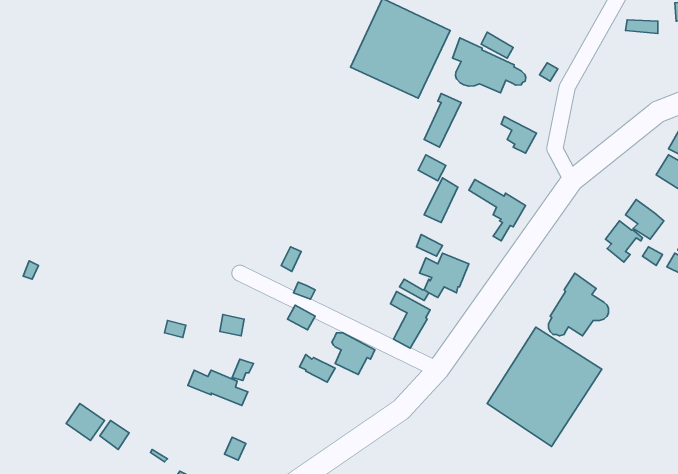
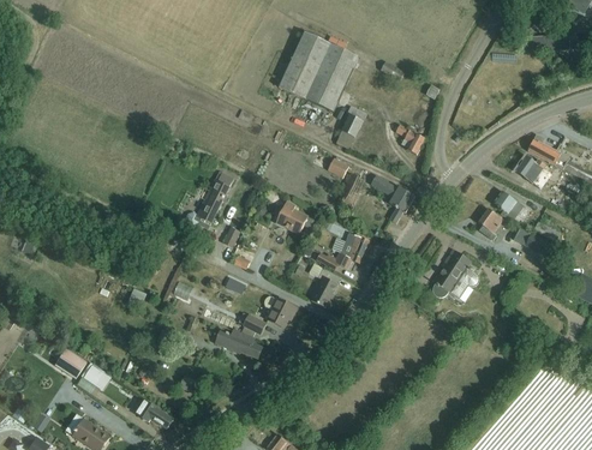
building: [452,38,526,93] -> none
building: none -> [187,172,234,226]
building: none -> [276,202,309,234]
building: [487,327,602,446] -> none
building: [188,370,248,406] -> [216,330,263,358]

